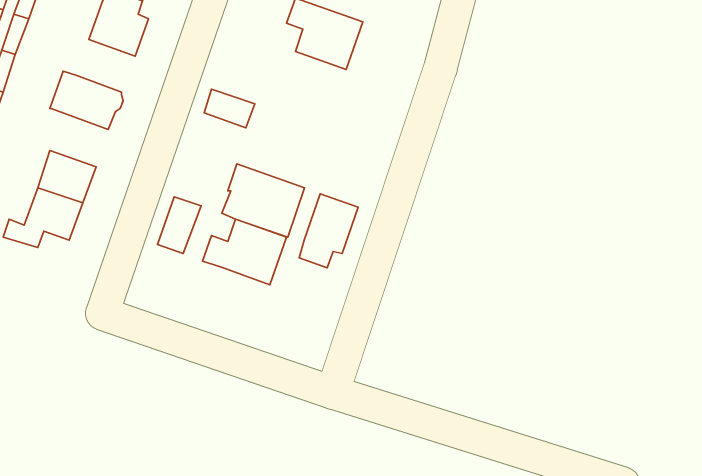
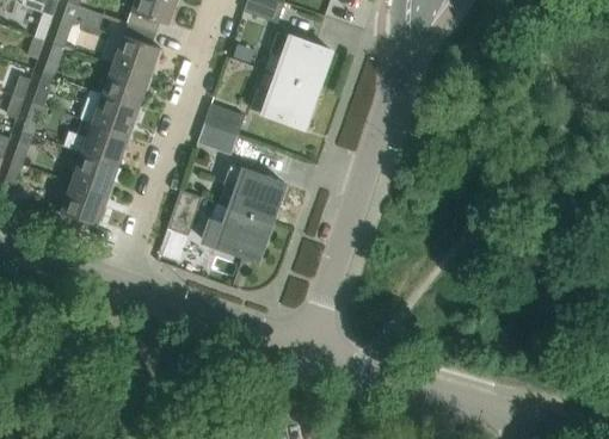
building: none -> [103,64,149,106]
building: none -> [250,74,318,126]
building: none -> [76,119,128,166]
building: none -> [197,123,238,155]
building: [299,194,358,268] -> none

